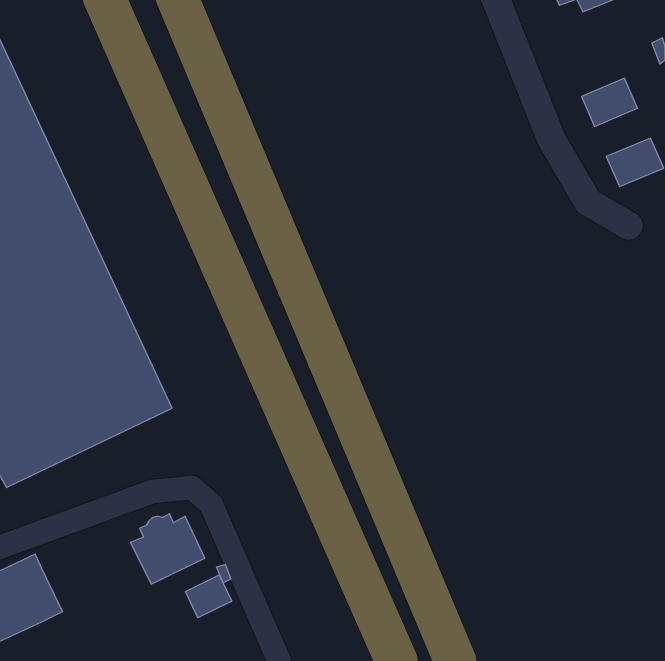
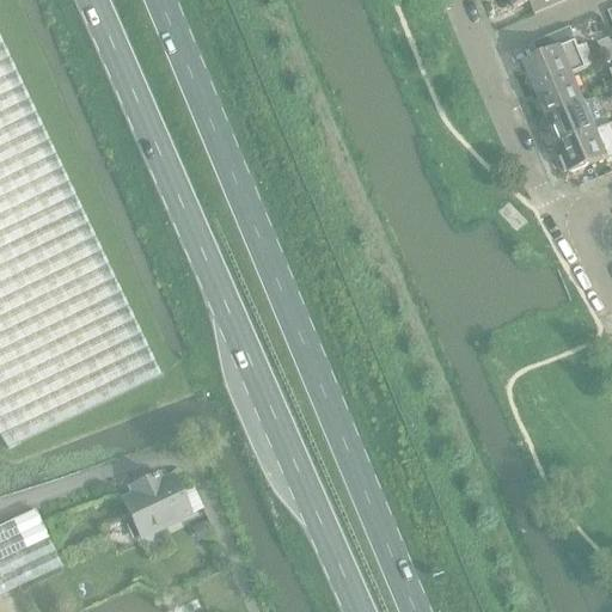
building: none -> [521,26,585,88]
building: none -> [545,99,596,143]
building: [185,575,232,618] -> none

